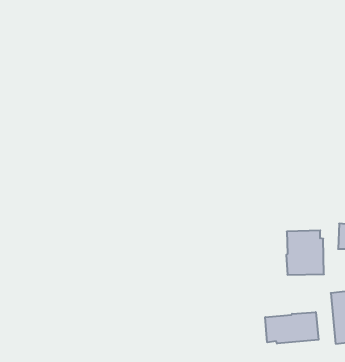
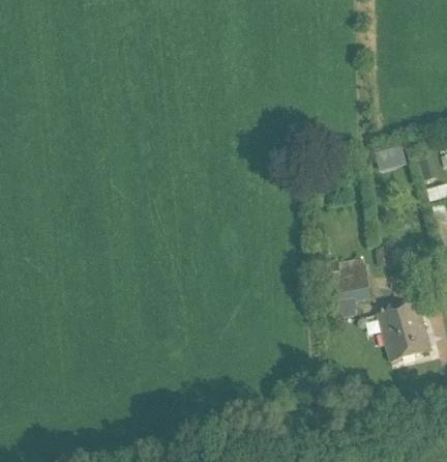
building: [265,312,319,344] -> none

